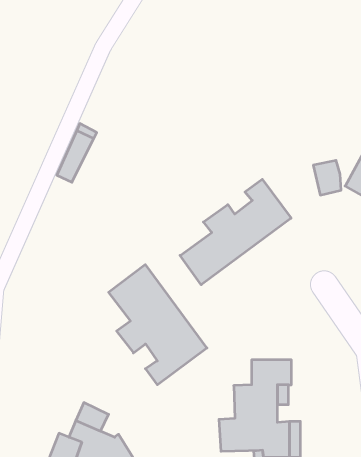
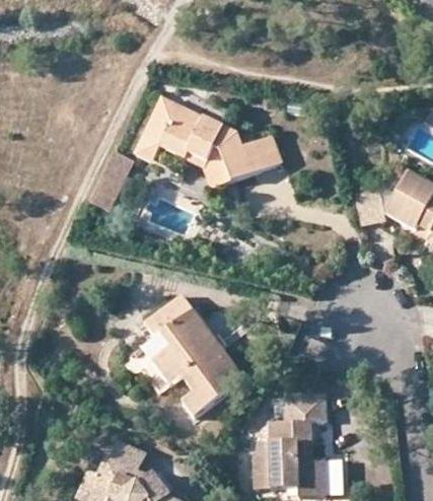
building: none -> [135,96,282,189]
building: [180,179,291,285] -> none

